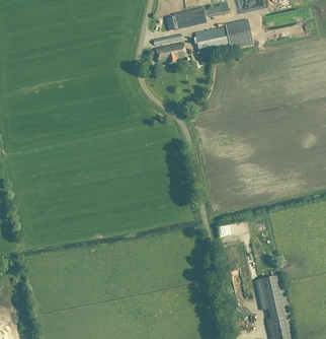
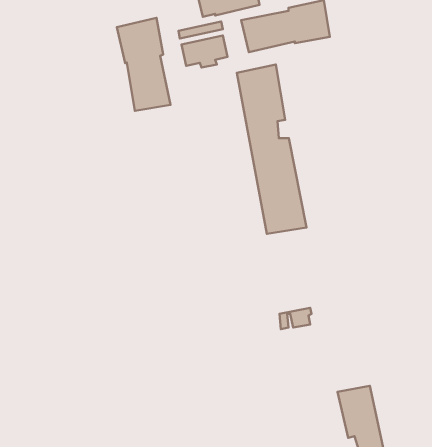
building: none -> [117,18,170,111]
building: none -> [237,65,307,234]

